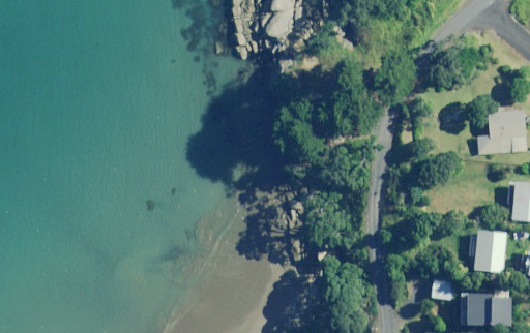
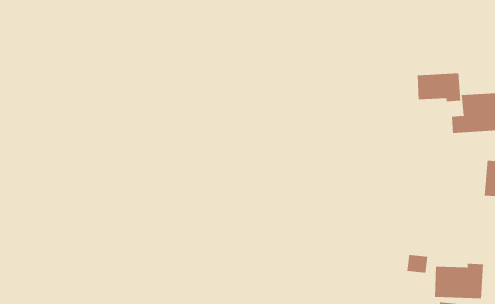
building: none -> [417,72,461,102]
building: [474,230,506,272] -> none

